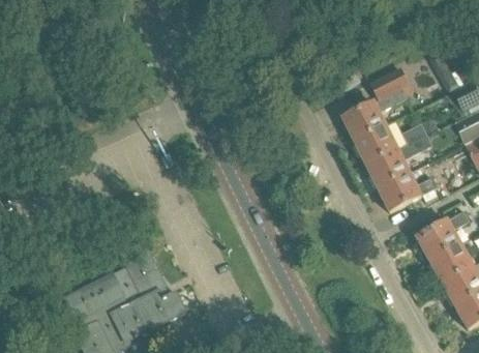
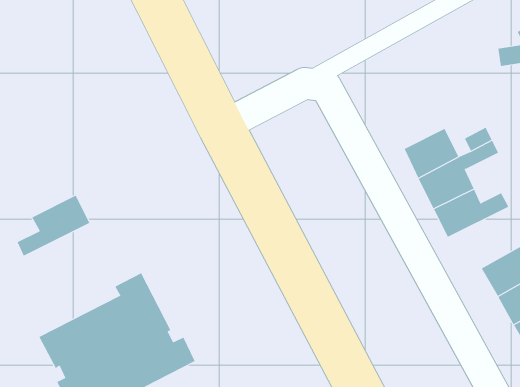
building: [342,59,417,141] -> none
building: none -> [17,195,90,257]

